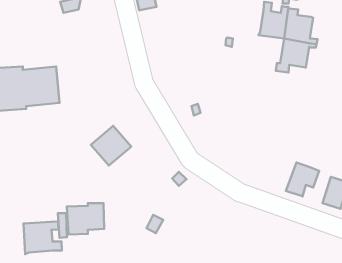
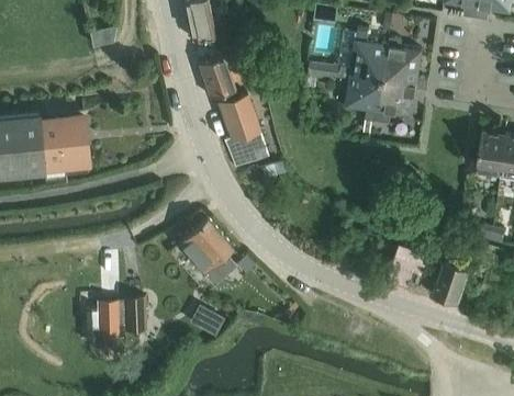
building: none -> [199,55,268,169]
building: none -> [340,67,384,121]
building: [91,126,131,166] -> [179,219,233,272]
building: [23,221,62,254] -> none

